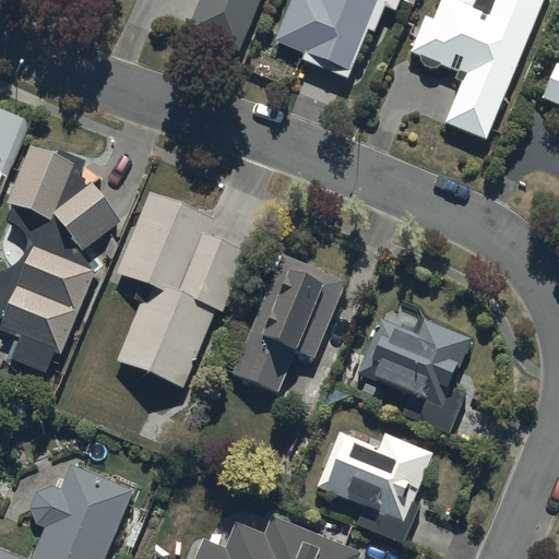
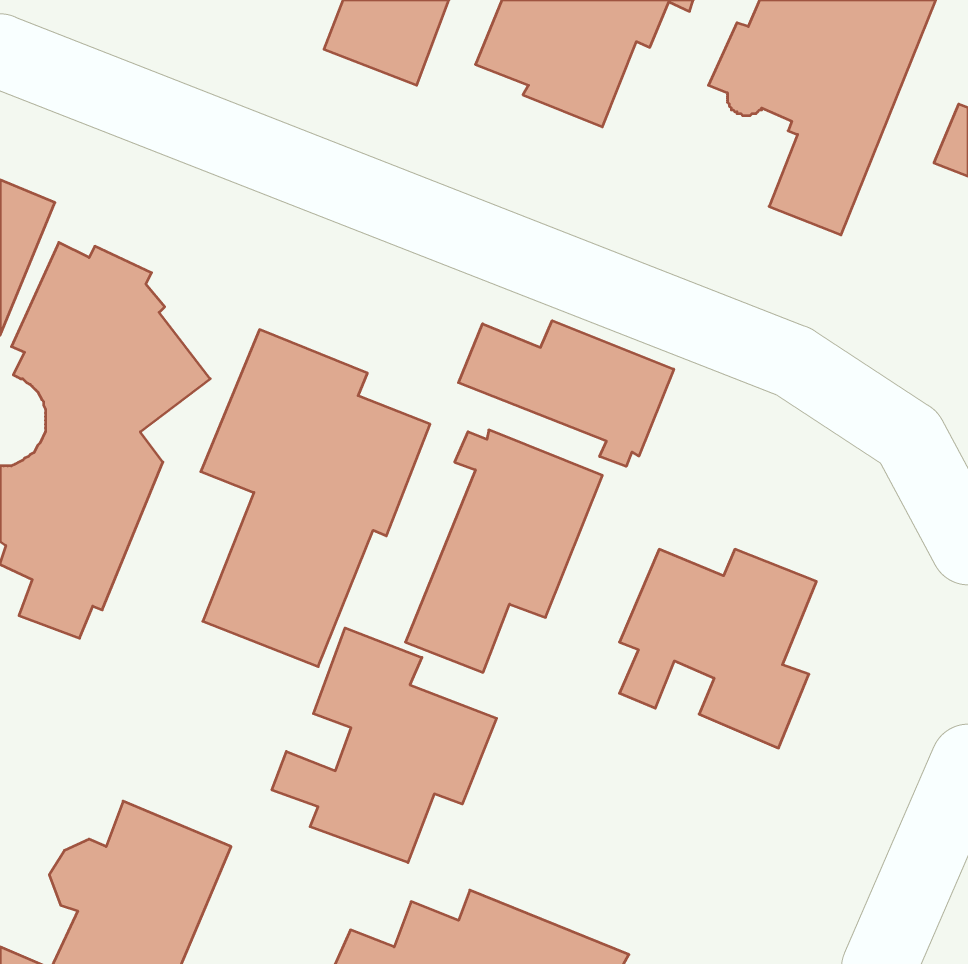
building: none -> [458,321,674,466]
building: none -> [272,628,497,863]
building: [318,431,433,544] -> none

